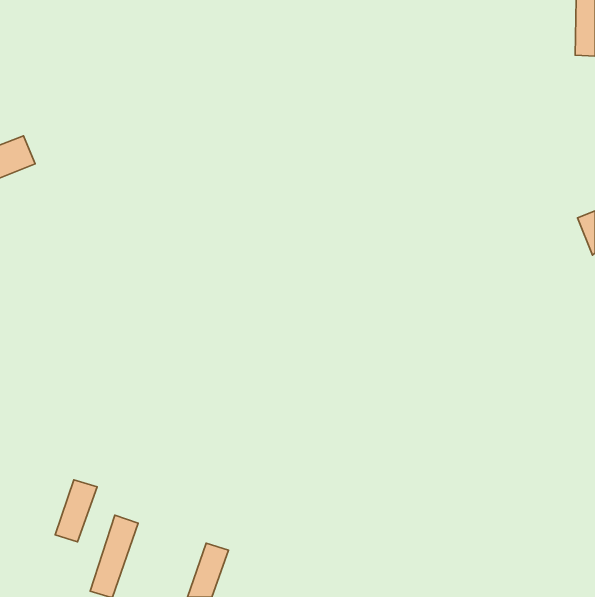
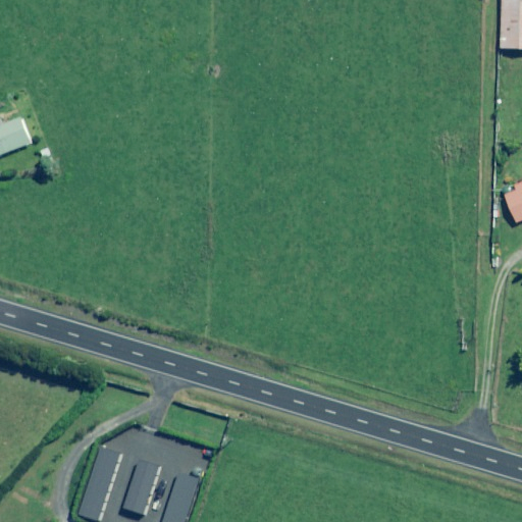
building: [55,480,97,542] -> [123,461,160,515]

